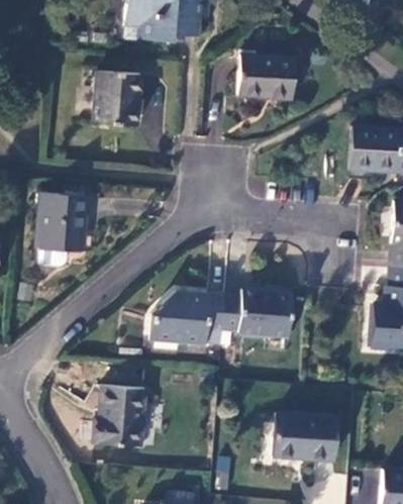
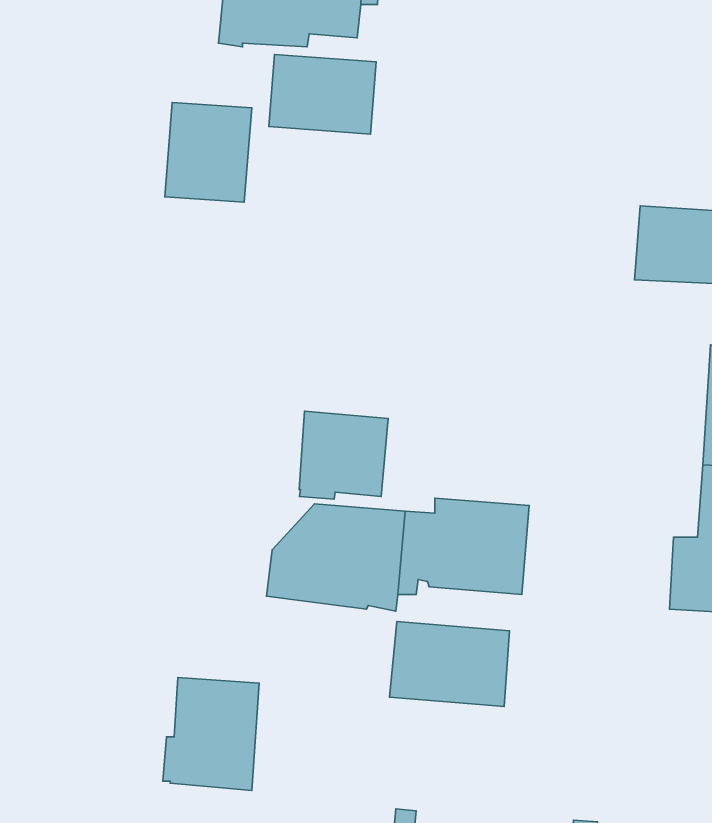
building: [237,55,296,98] -> [269,55,376,134]
building: [37,193,87,250] -> none
building: none -> [299,411,388,499]
building: [272,413,337,460] -> [389,621,510,707]

